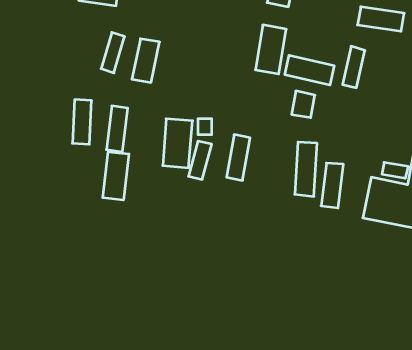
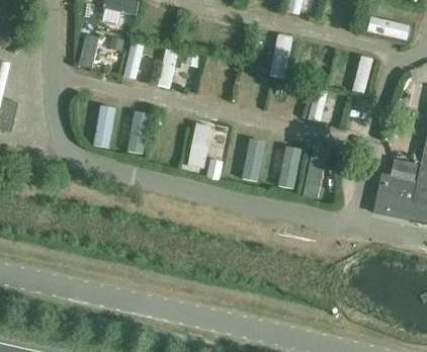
building: none -> [81,32,99,65]
building: [285,55,334,85] -> none
building: [103,152,129,200] -> none
building: [321,163,343,208] -> [278,146,300,188]

